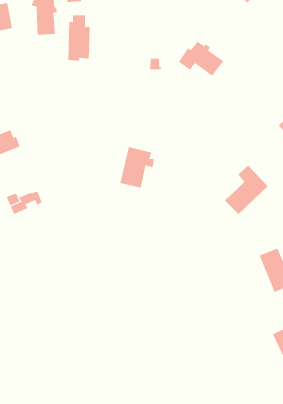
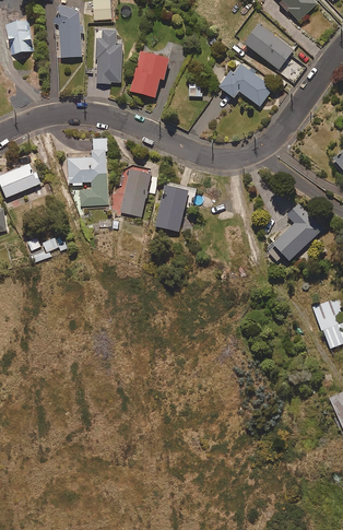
building: none -> [244,22,294,69]
building: none -> [130,51,168,97]
building: none -> [67,138,108,205]
building: none -> [118,168,151,216]

